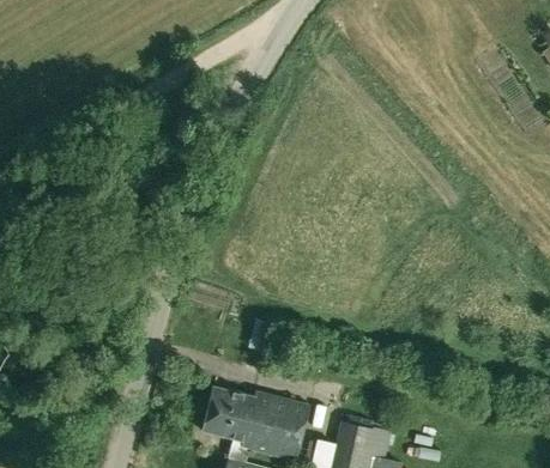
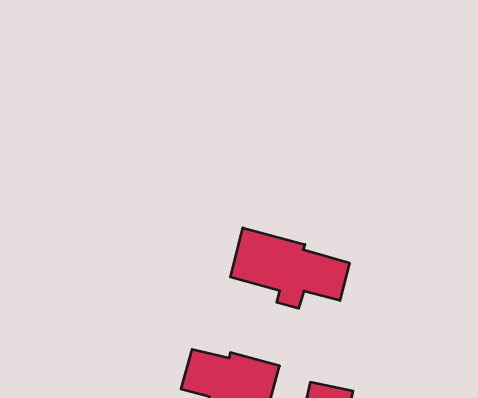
building: none -> [230,228,349,308]

